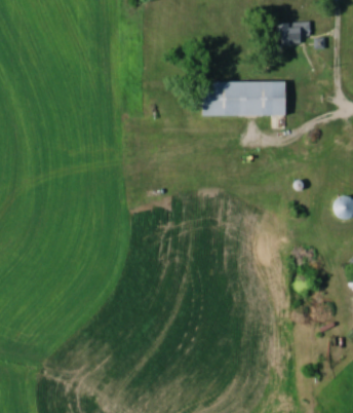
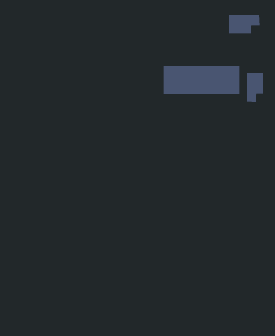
building: none -> [247,72,263,103]

